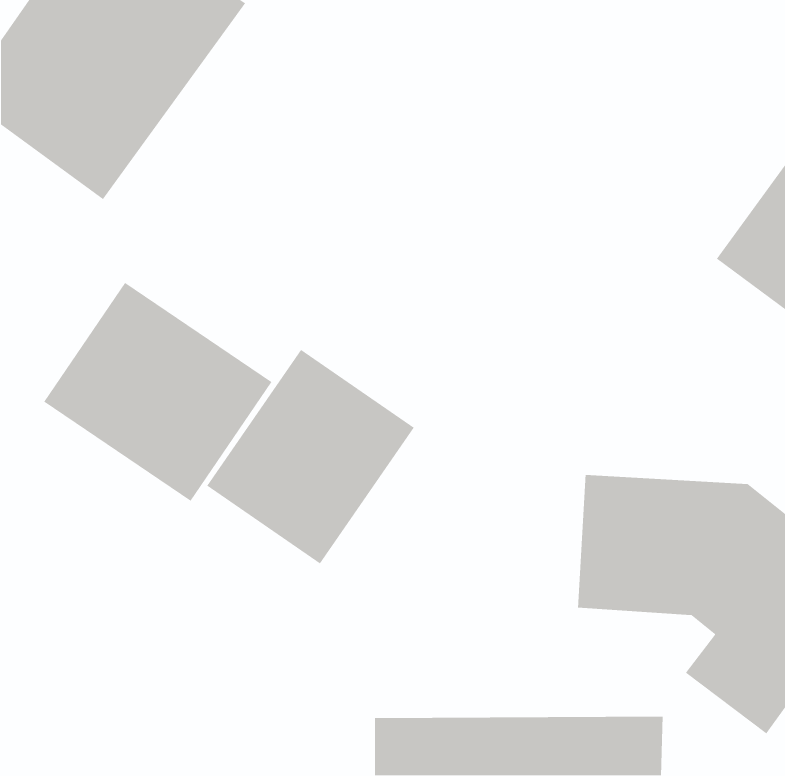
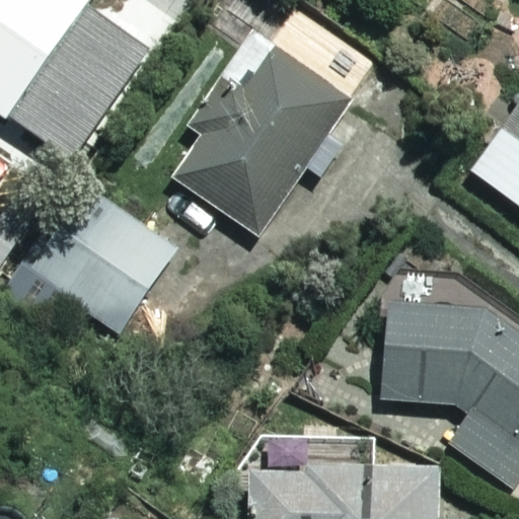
building: none -> [170,35,347,235]
building: [206,349,415,564] -> none

